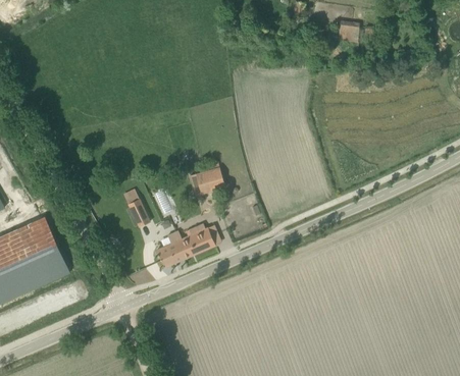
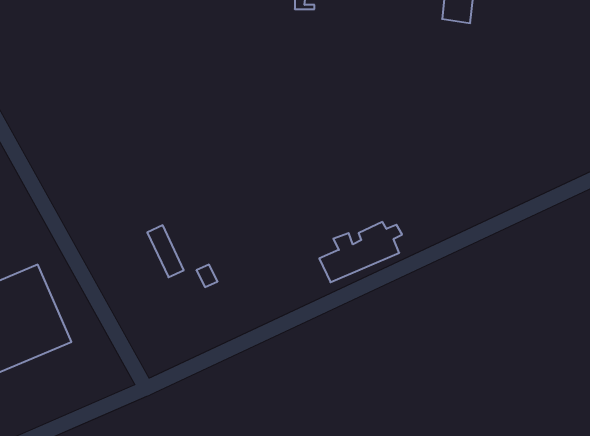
building: [190,166,224,193] -> none
building: [157,222,217,266] -> [319,222,402,282]

